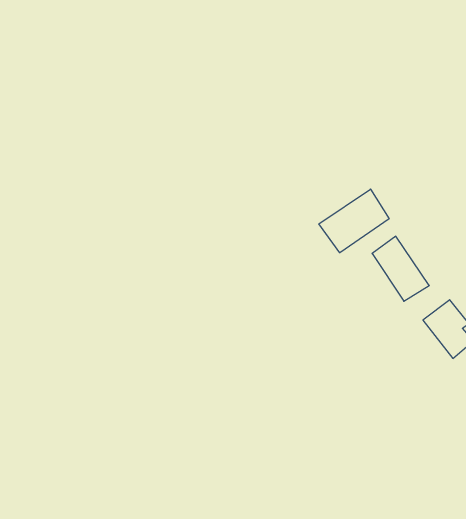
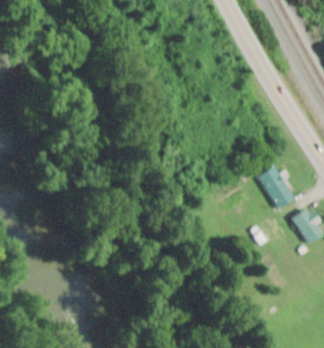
building: [319,189,389,253] -> none

